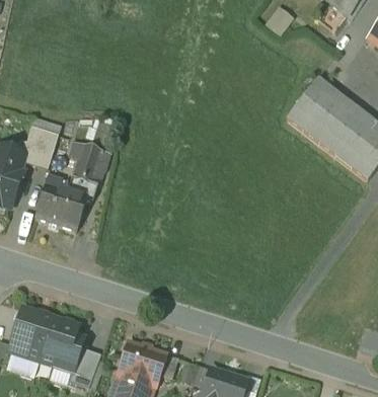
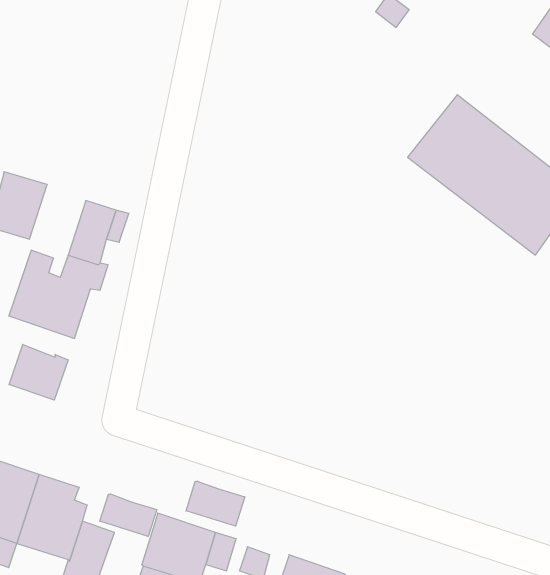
building: none -> [9,344,68,400]
building: none -> [186,481,245,526]
building: none -> [100,494,157,537]

